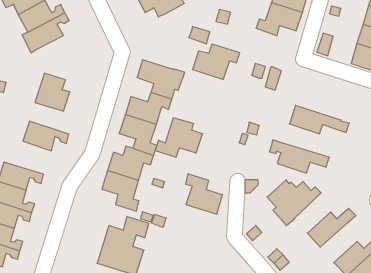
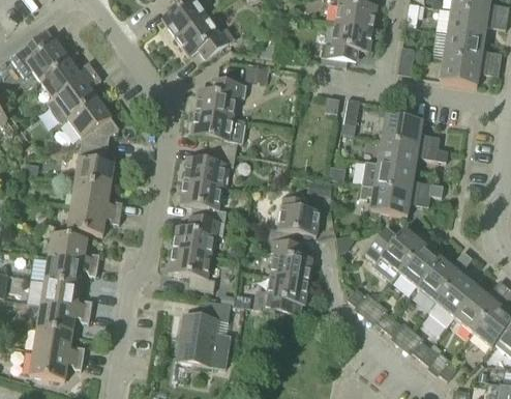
building: none -> [67,97,119,149]
building: [192,44,240,79] -> [193,79,246,118]
building: none -> [382,115,440,148]
building: none -> [71,181,122,212]
building: [155,118,203,157] -> [267,197,320,243]
building: none -> [361,160,443,196]
building: none -> [49,233,99,264]
building: none -> [399,237,442,287]
building: none -> [254,275,308,314]
building: none -> [428,267,478,326]

